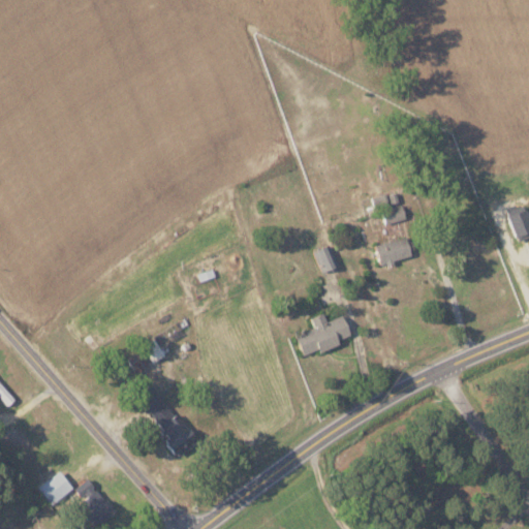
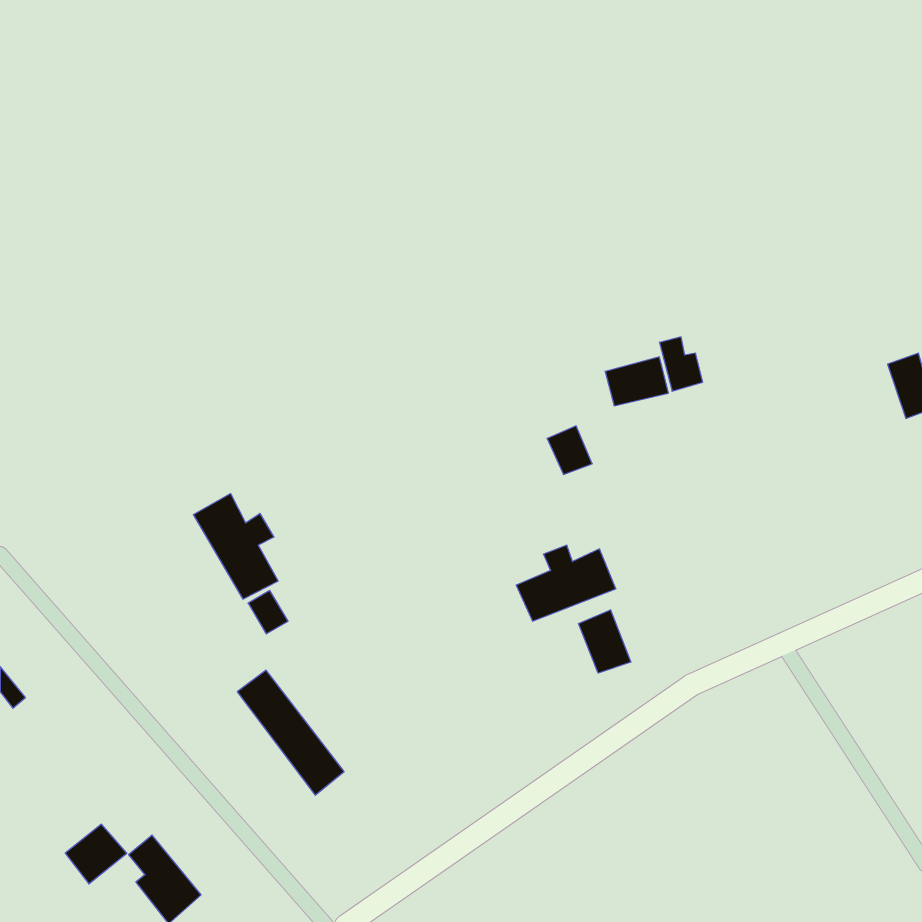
building: [377,237,413,264] -> [605,357,668,406]
building: none -> [193,494,278,599]
building: none -> [578,610,631,673]

